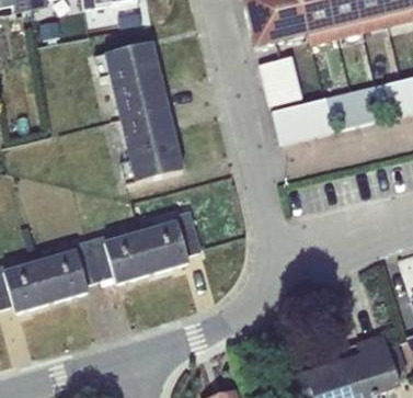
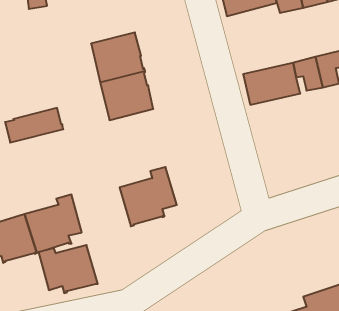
building: [95,42,157,78] -> none
building: [260,55,303,105] -> none
building: [121,147,183,184] -> [5,108,63,143]
building: [89,231,152,283] -> [39,245,98,293]

